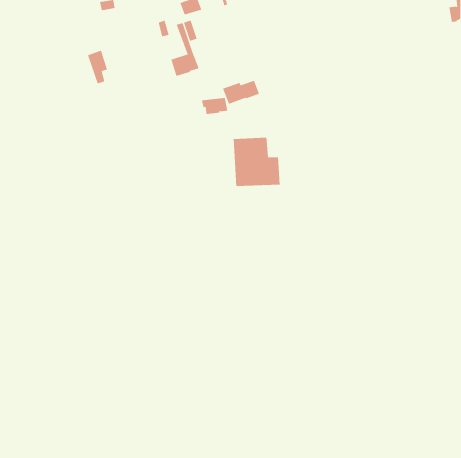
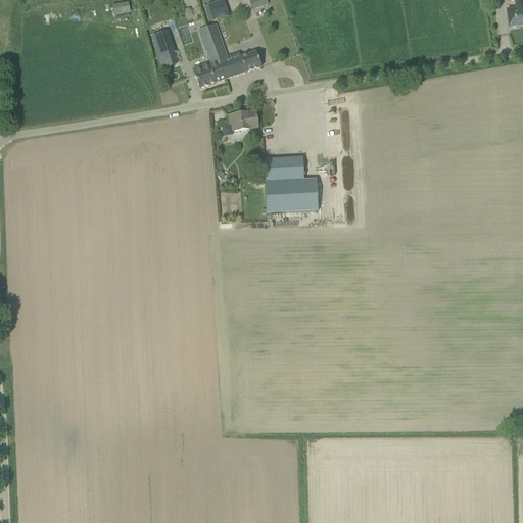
building: [87,50,108,84] -> [151,29,175,67]
building: [222,80,260,105] -> [219,50,262,78]

